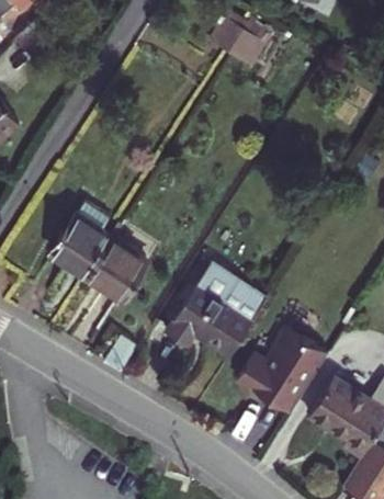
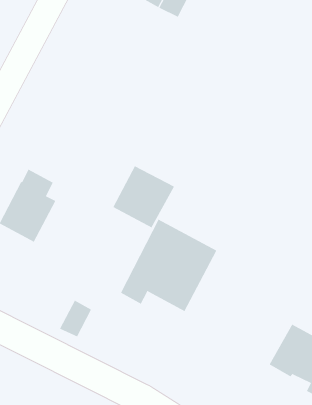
building: [86,236,149,299] -> [112,166,175,228]
building: [237,328,328,413] -> none

